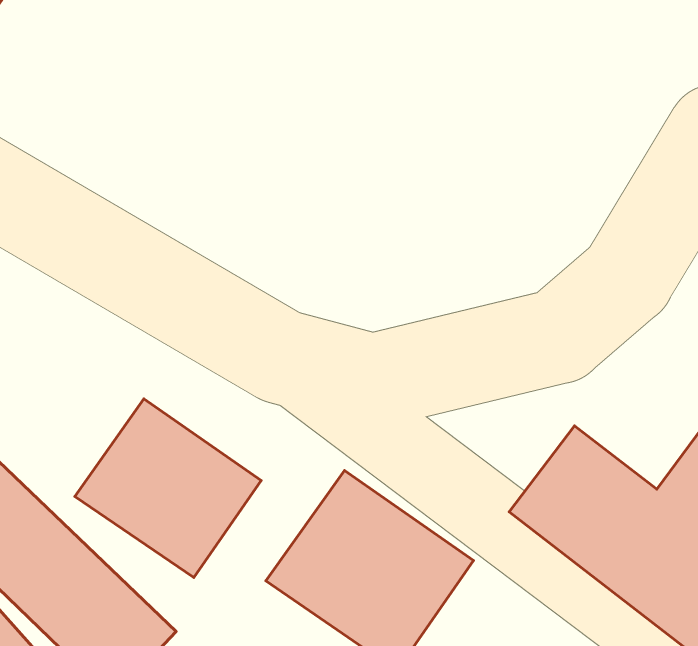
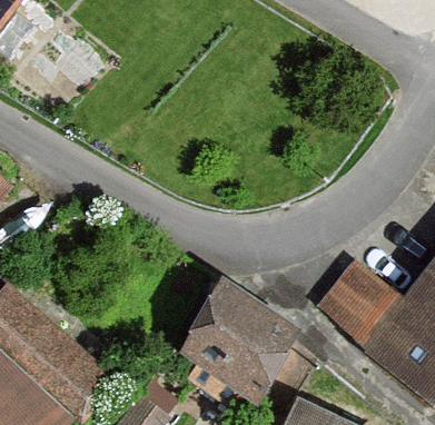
building: [75,399,261,578] -> none

